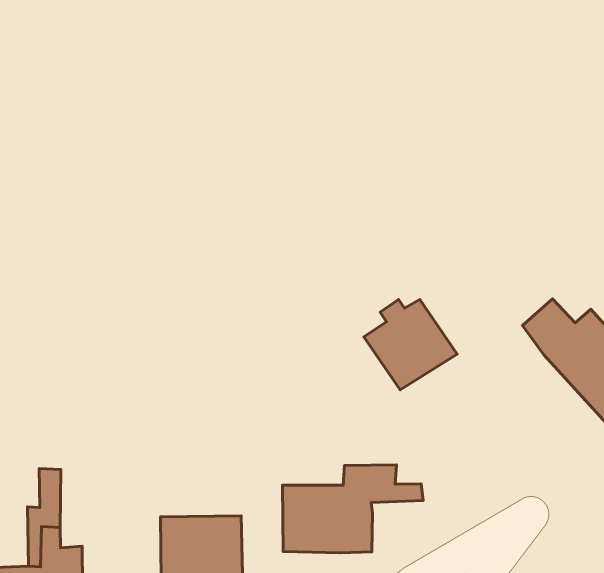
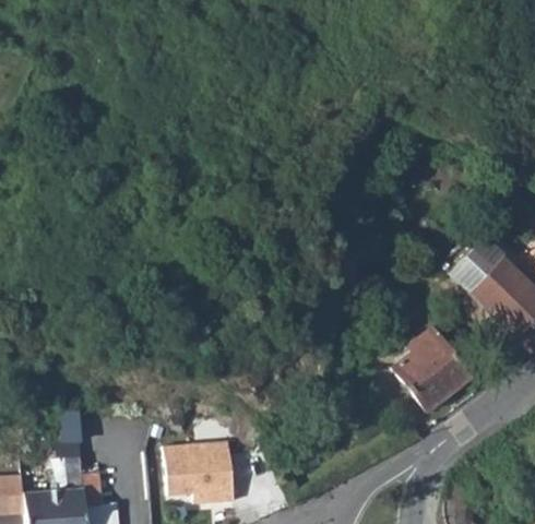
building: [364,299,457,390] -> [394,336,471,410]
building: [282,465,423,553] -> none

